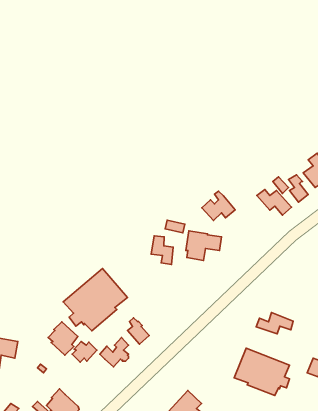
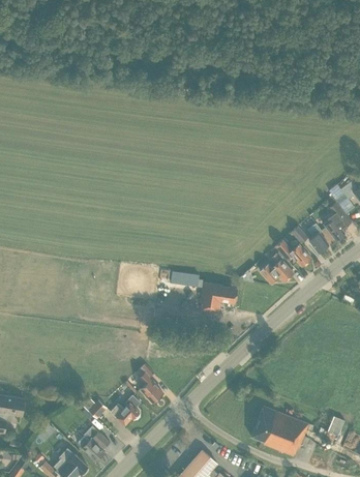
building: [202,191,235,221] -> [259,254,294,285]
building: [151,236,173,264] -> none
building: [63,269,128,331] -> none
building: [256,312,293,334] -> none
building: [48,322,78,355] -> [78,426,109,461]

